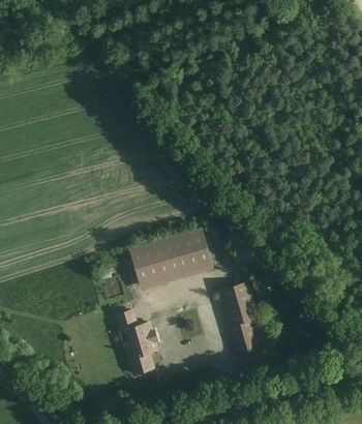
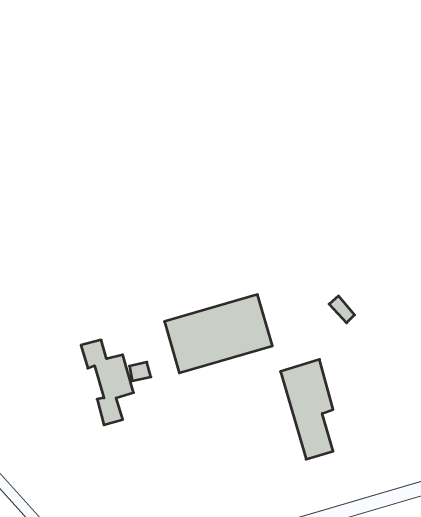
building: [117,309,157,374] -> [81,340,134,425]

